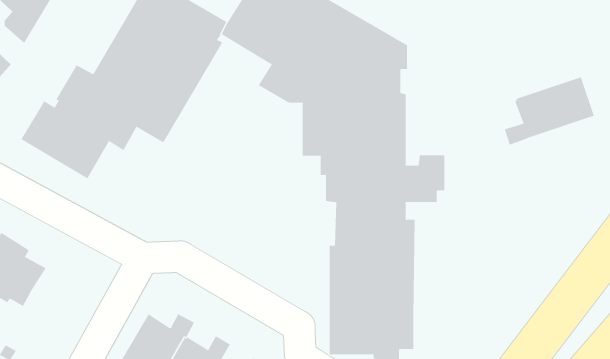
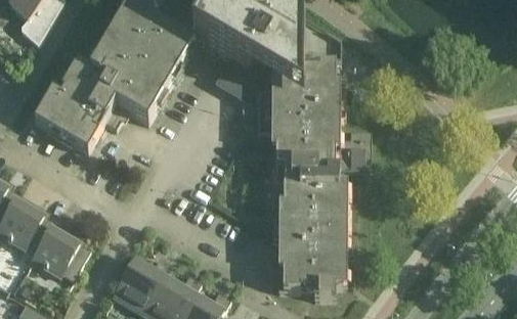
building: [504,76,595,145] -> none
building: none -> [29,221,89,279]

